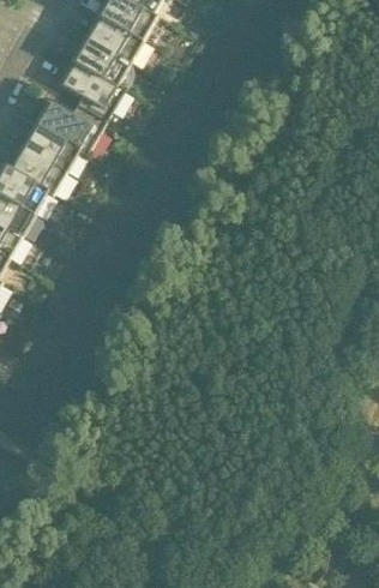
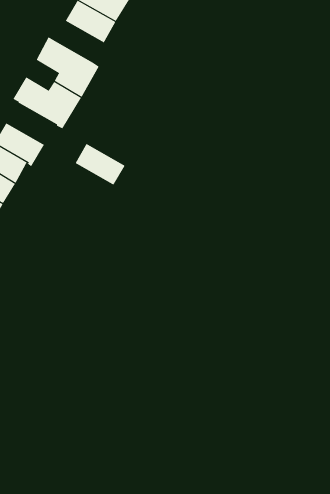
building: [73,42,127,86] -> none
building: [22,130,76,175] -> [75,143,125,186]

